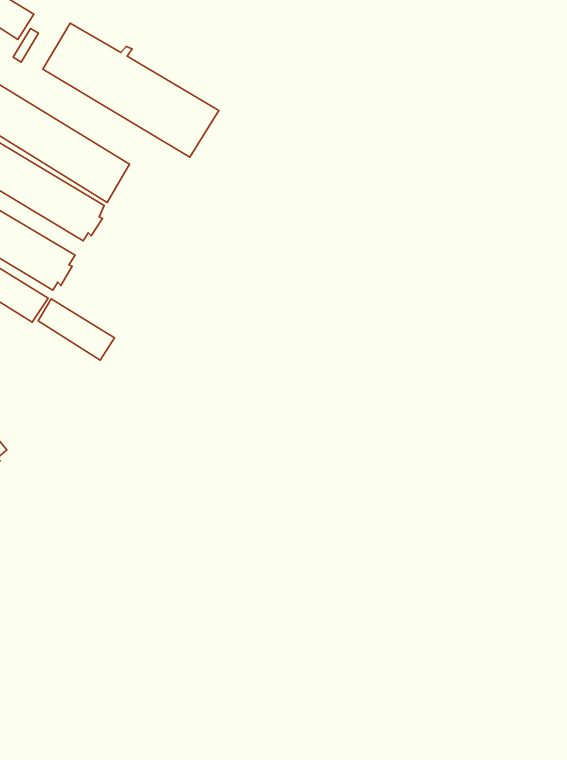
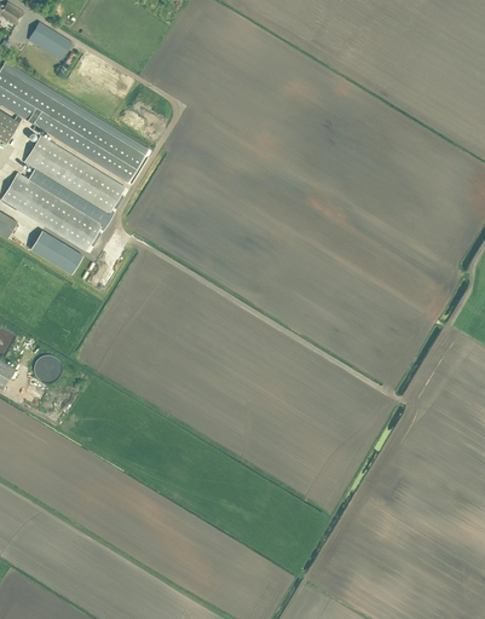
building: [43,23,219,157] -> none
building: [38,299,115,360] -> none

